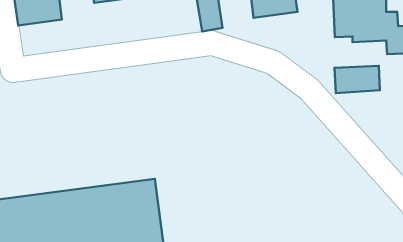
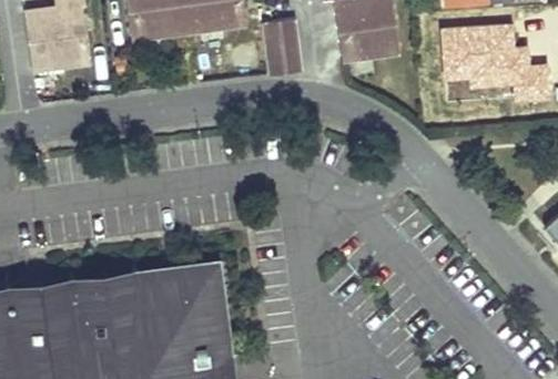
building: [335,66,380,93] -> none

